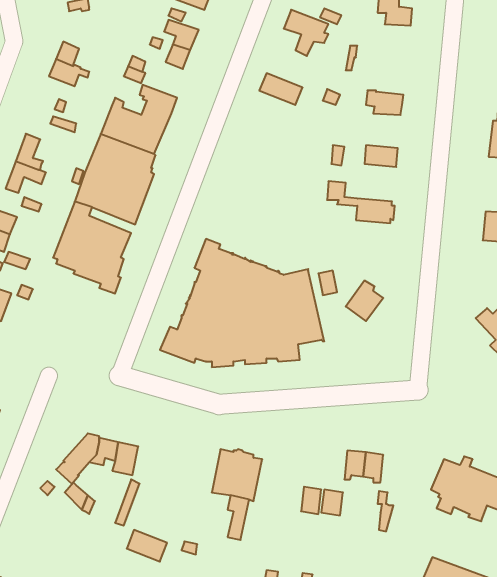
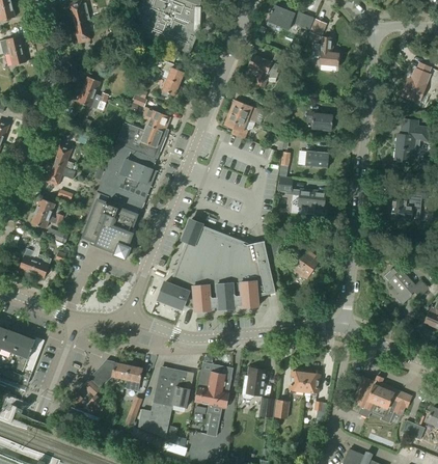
building: none -> [224,112,255,138]
building: none -> [241,365,266,398]
building: none -> [138,367,190,437]

